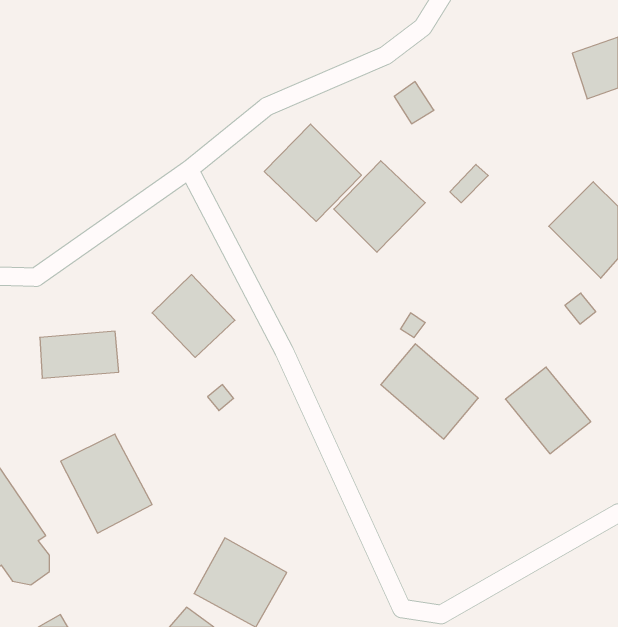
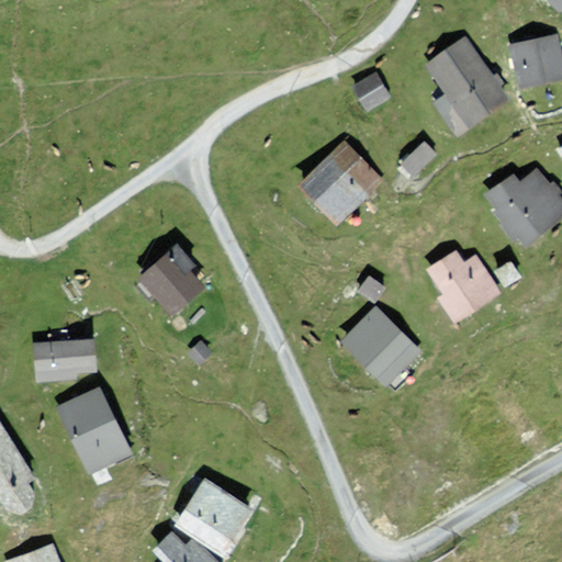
building: none -> [424,38,509,128]
building: [264,124,361,221] -> none
building: [40,331,119,378] -> [29,339,99,381]
building: [505,367,591,454] -> [423,244,498,321]

